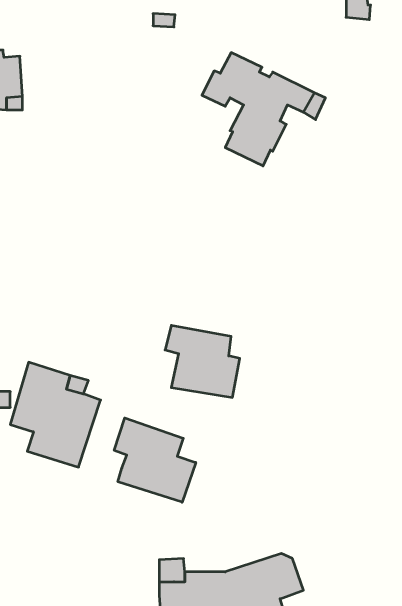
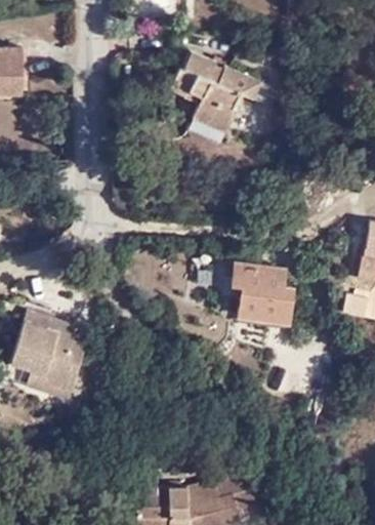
building: [165,325,240,397] -> [232,261,294,322]
building: [114,418,196,502] -> none

